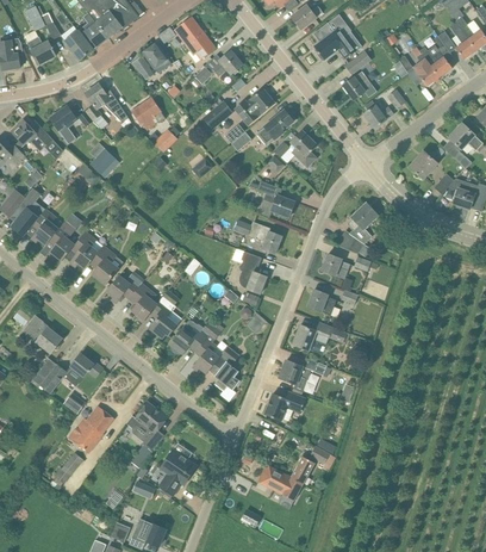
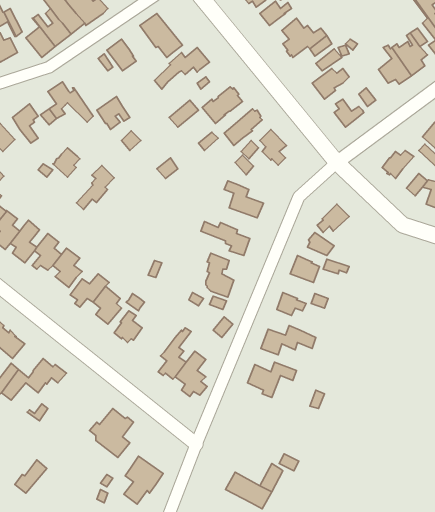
building: none -> [76,166,114,210]
building: [169,320,214,354] -> none
building: [263,390,305,421] -> none
building: [68,403,113,452] -> none

